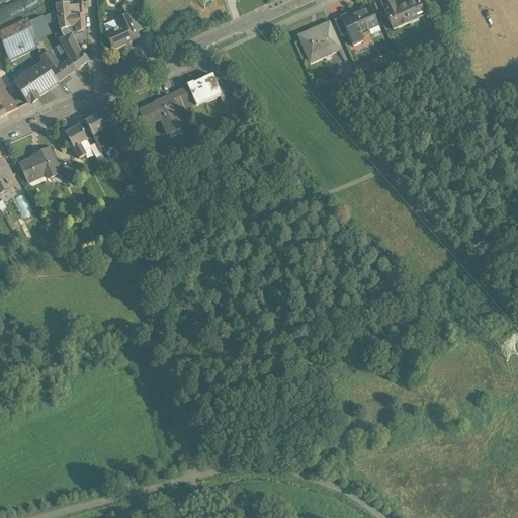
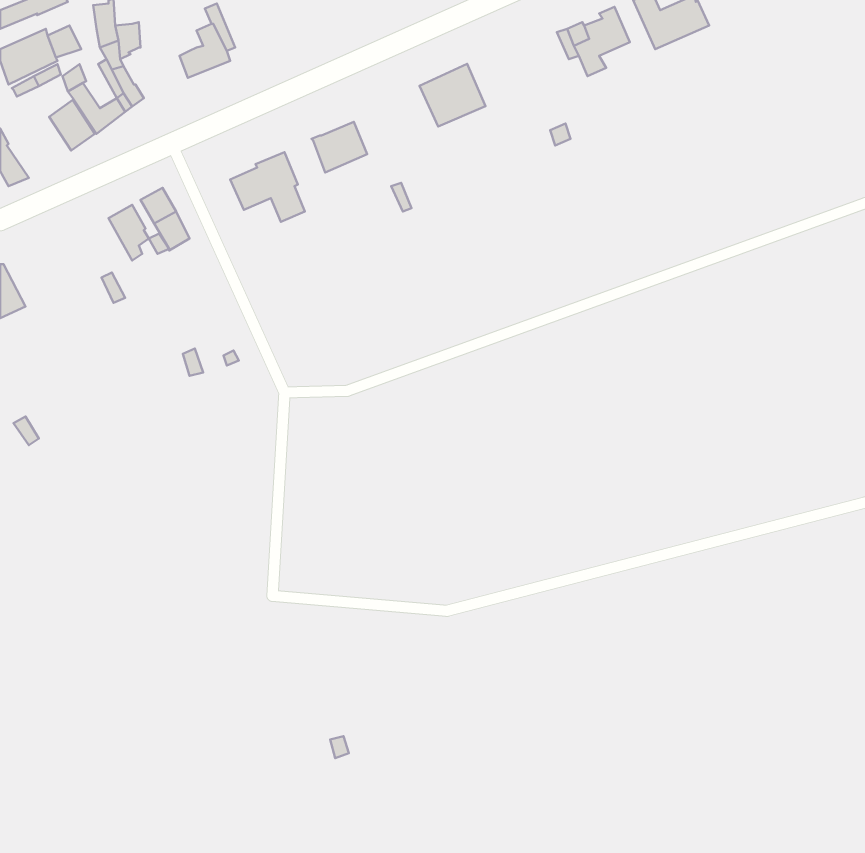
building: [298,22,338,60] -> [420,64,486,126]
building: [14,70,42,100] -> none
building: [170,84,194,110] -> none
building: [19,146,60,184] -> none

